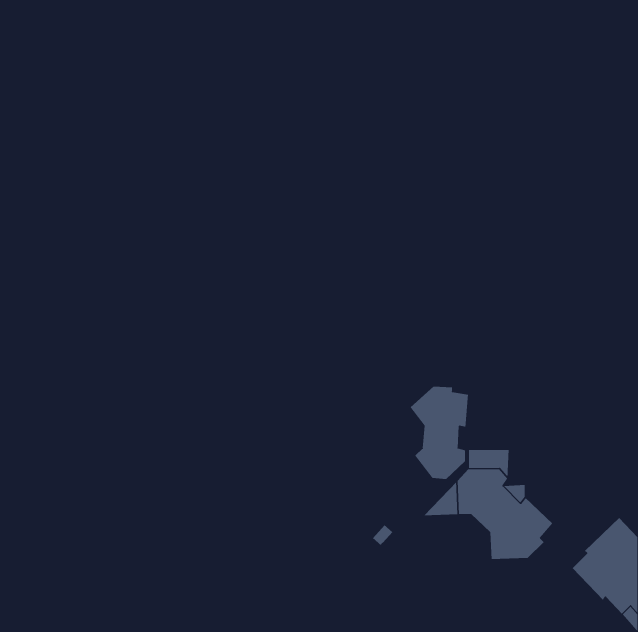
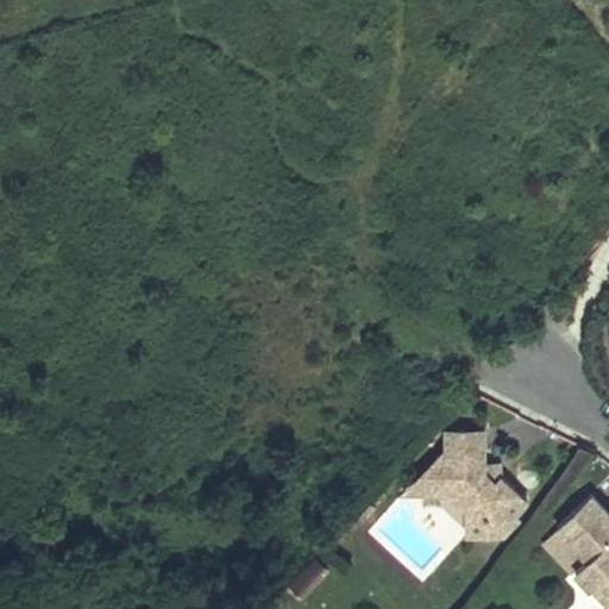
building: [410,386,468,480] -> none

